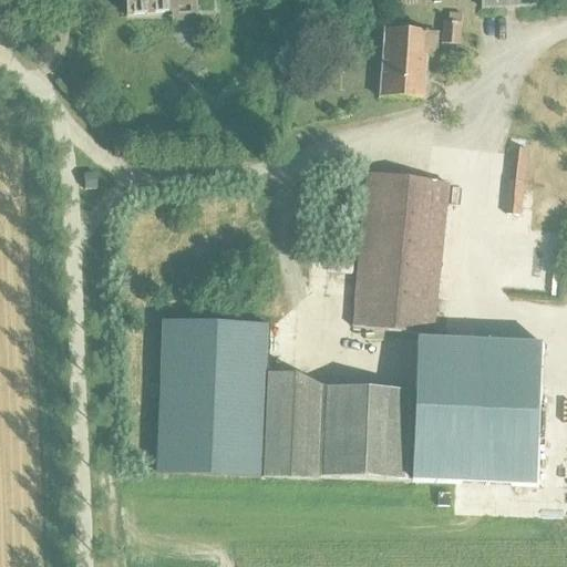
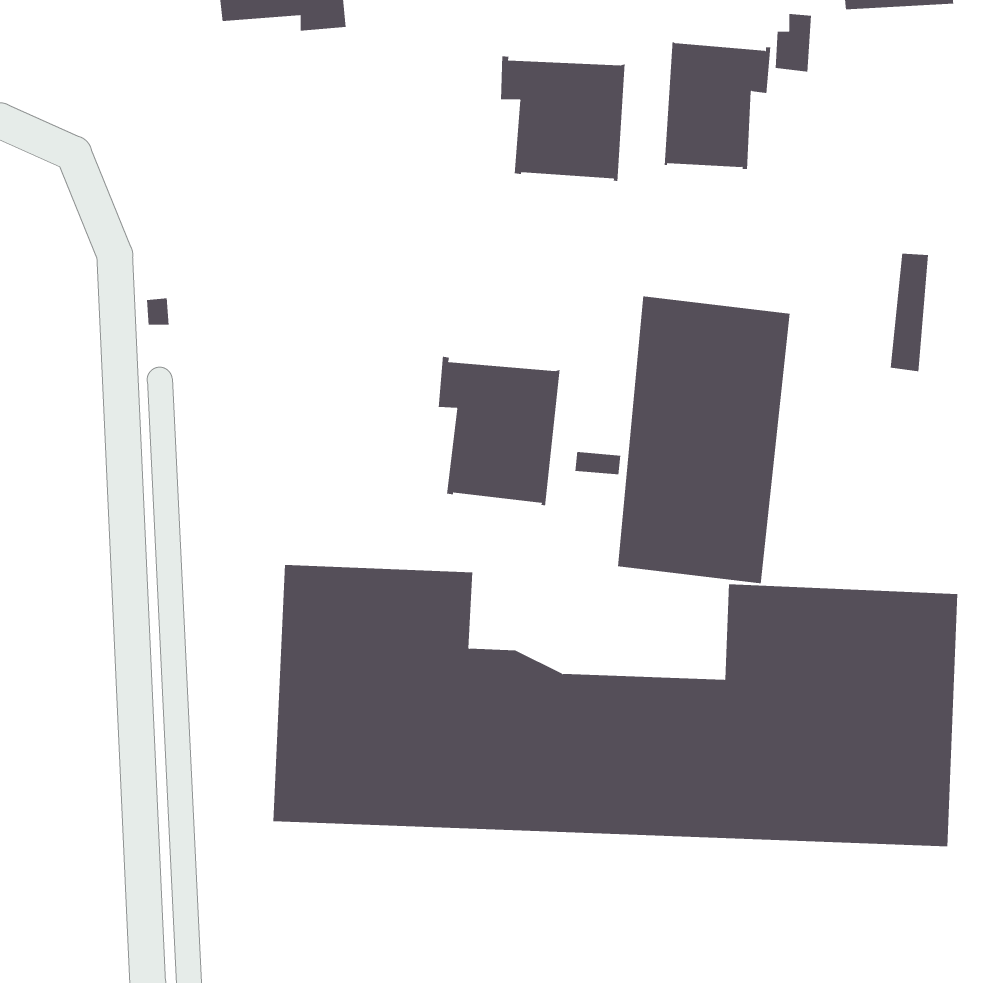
building: none -> [500,56,625,182]
building: none -> [438,356,560,506]

